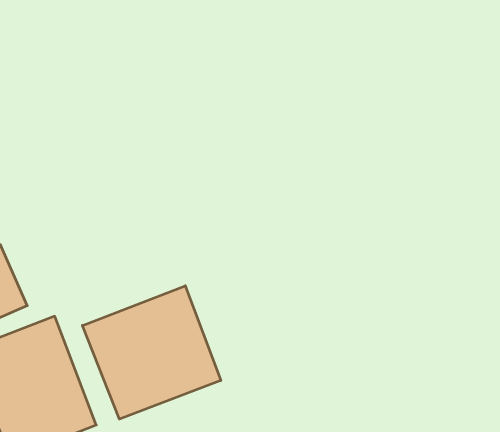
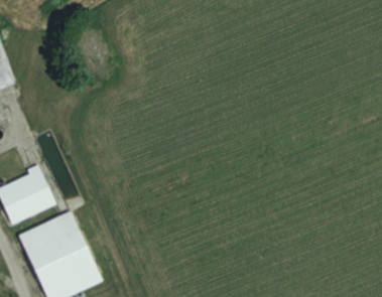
building: [82,286,221,419] -> none

